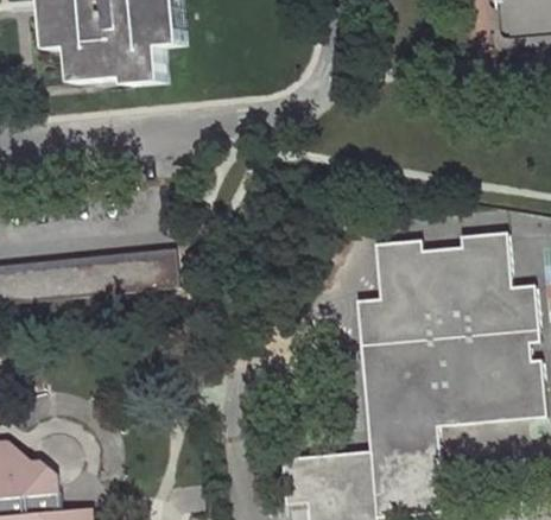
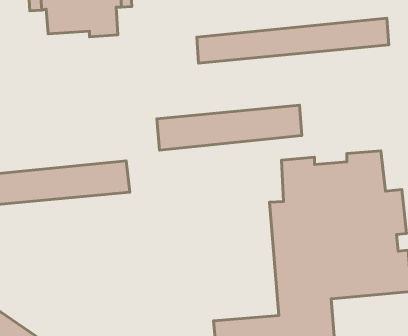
building: none -> [197,18,389,63]
building: none -> [157,105,302,150]

